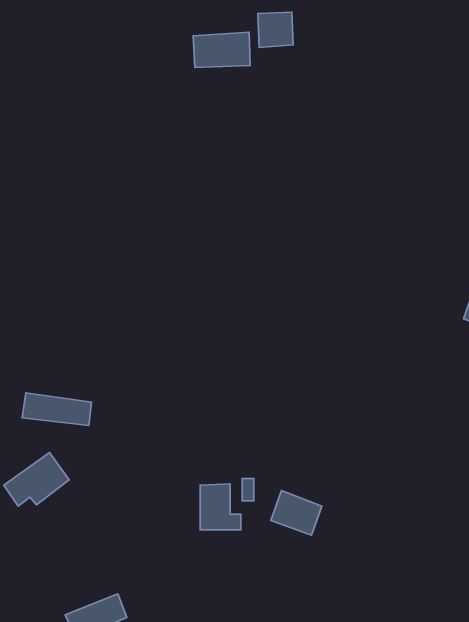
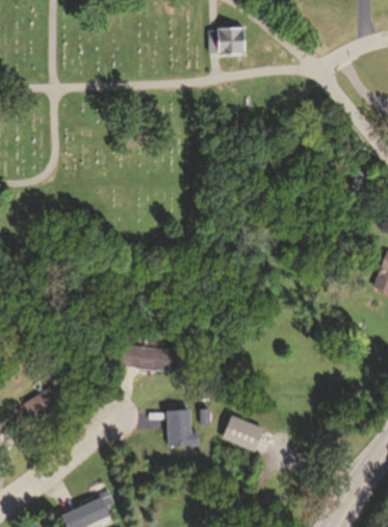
building: [193,32,250,68] -> none
building: [22,393,91,426] -> [122,346,177,372]

